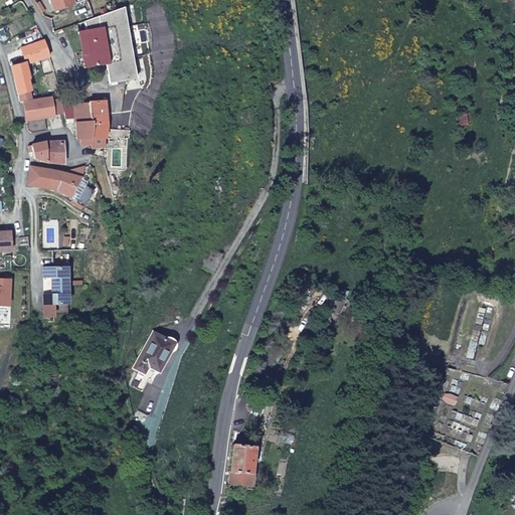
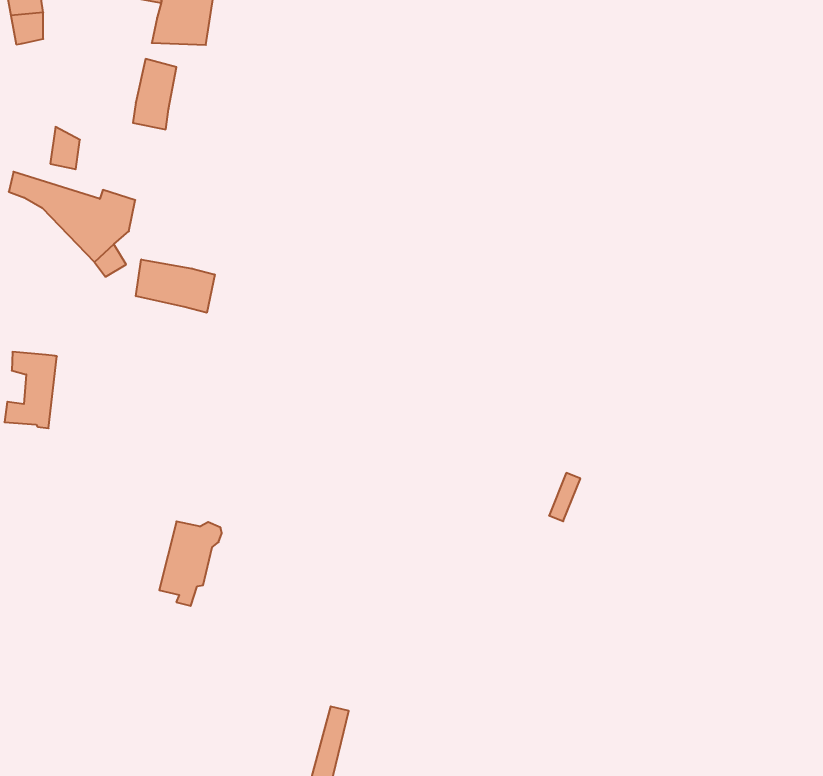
building: [26,92,58,119] -> none
building: [77,100,94,140] -> none
building: [29,142,50,163] -> none
building: none -> [136,259,215,313]

